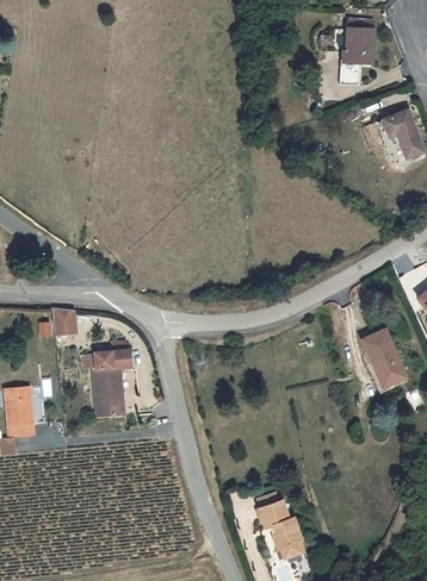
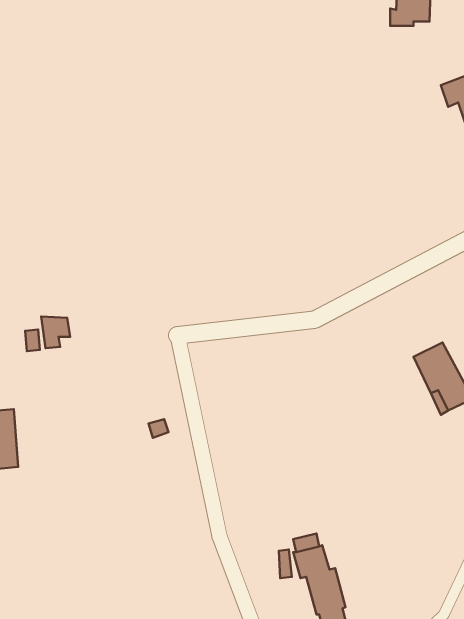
building: [83,339,131,413] -> none

